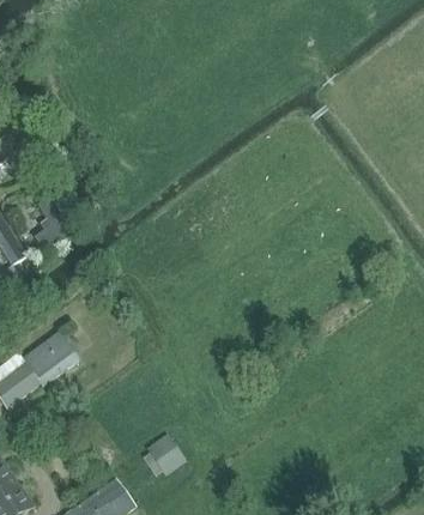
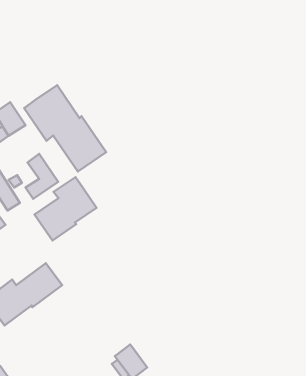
building: none -> [24,85,106,172]
building: none -> [34,177,97,241]

